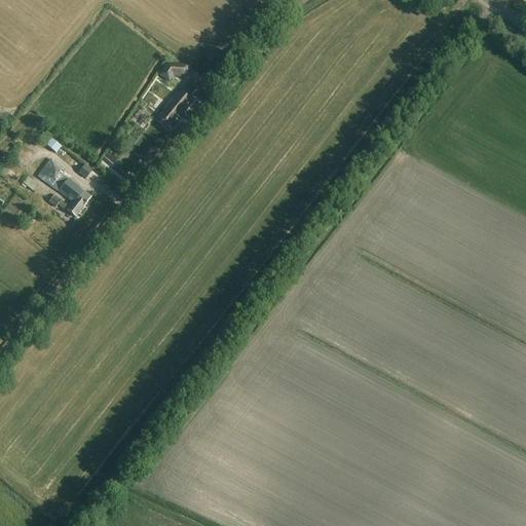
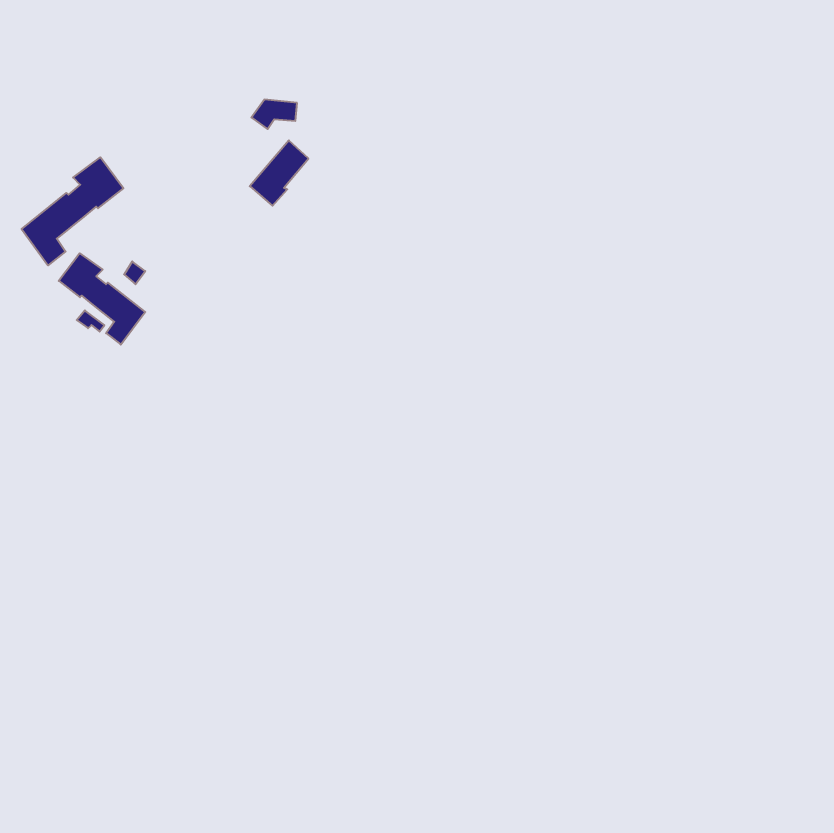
building: none -> [22,157,123,265]

